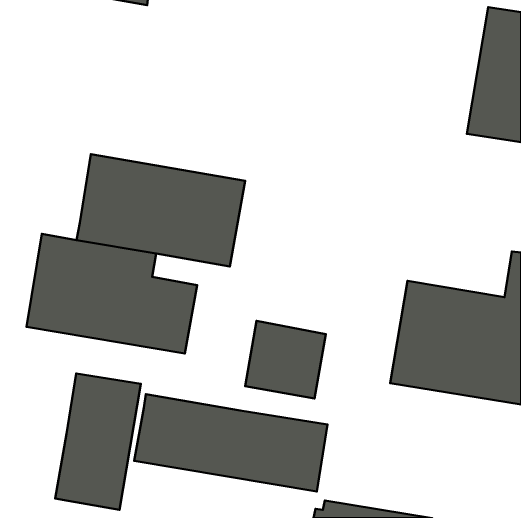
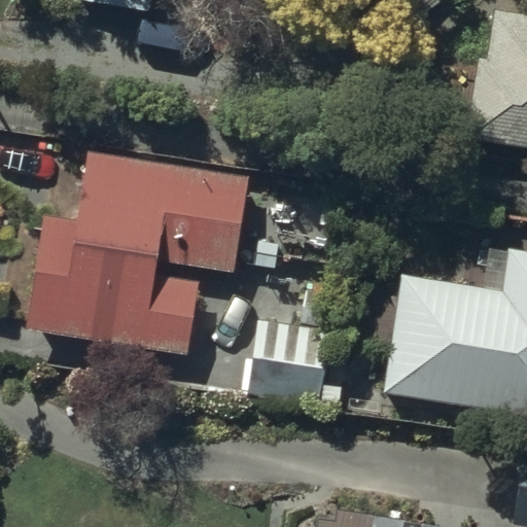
building: [55,374,141,510] -> none
building: [134,394,327,491] -> none

